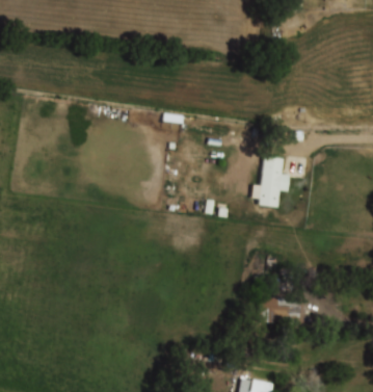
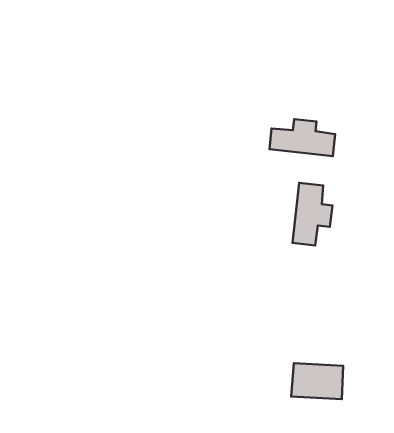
building: none -> [269,119,335,156]

